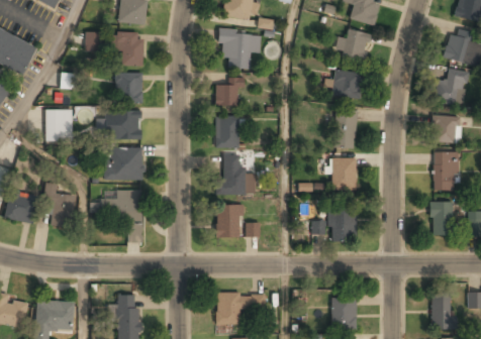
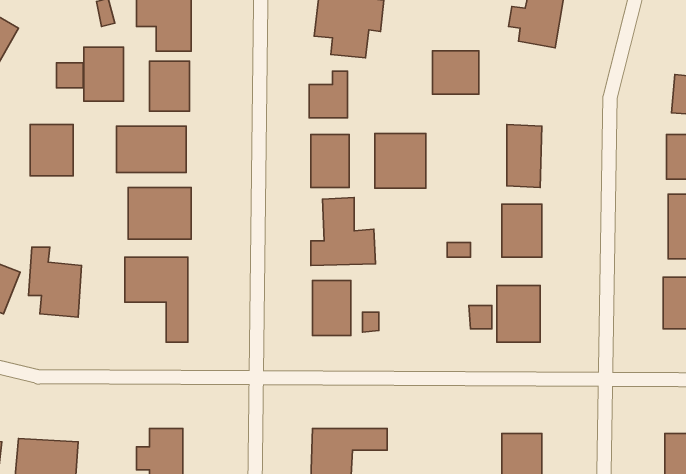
building: none -> [84,47,124,101]
building: [333,71,362,97] -> [432,51,479,94]
building: none -> [375,133,426,188]

